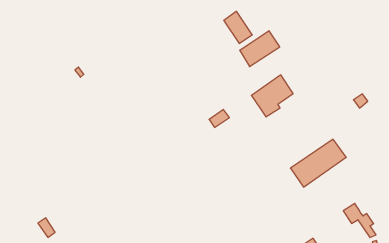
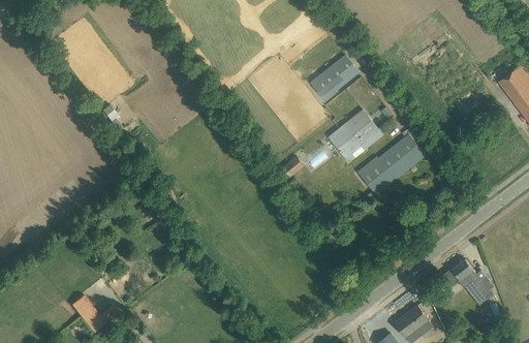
building: [224,11,252,44] -> none
building: [290,139,346,187] -> [359,134,426,195]

